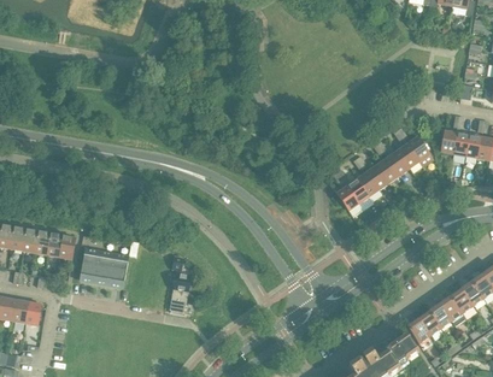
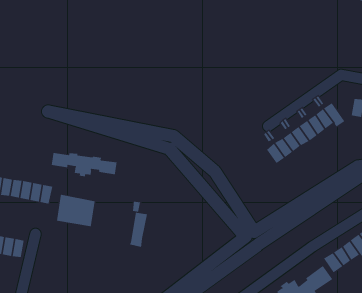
building: none -> [51,152,117,177]

